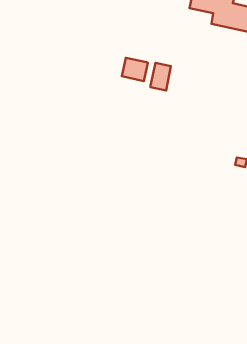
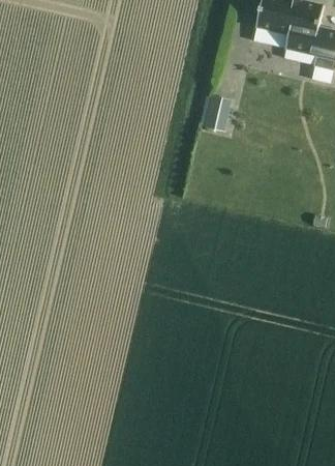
building: [122,58,148,81] -> none

